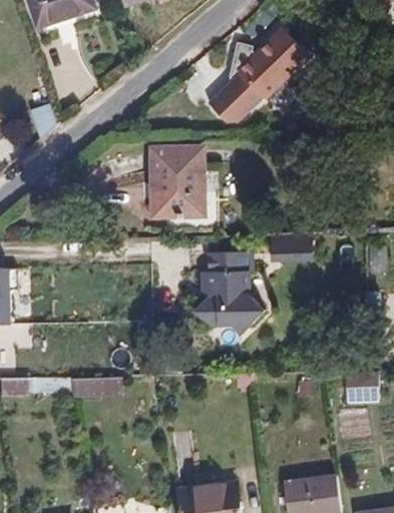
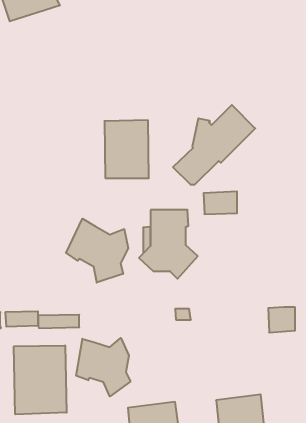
building: [207,25,305,120] -> [173,105,255,185]
building: none -> [66,219,128,283]
building: none -> [76,338,130,396]
building: none -> [14,345,67,414]

